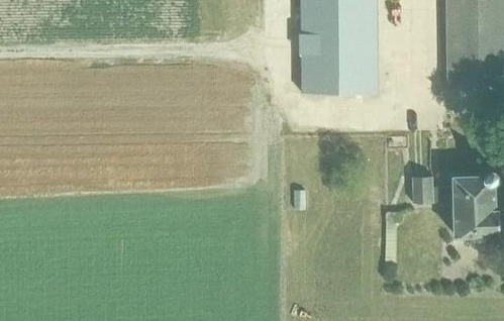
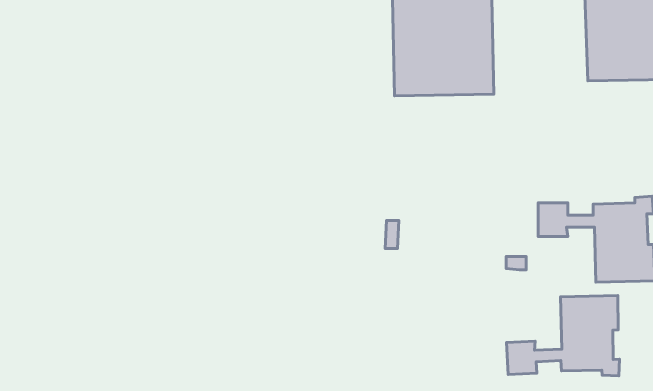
building: none -> [507,295,620,376]

